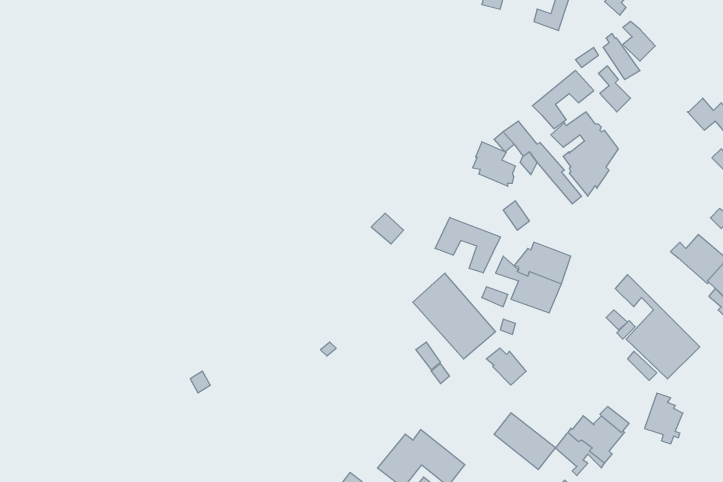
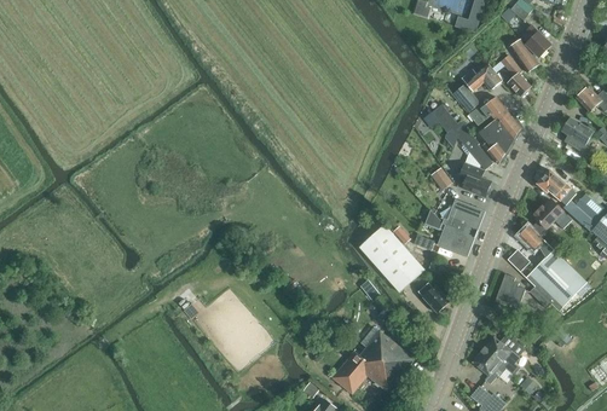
building: none -> [561,117,594,151]
building: [473,142,516,186] -> [457,162,491,197]
building: none -> [537,169,576,204]
building: [435,217,501,273] -> none
building: none -> [532,199,571,233]
building: [645,393,683,444] -> [495,273,525,313]
building: [494,413,555,469] -> [365,330,414,375]

